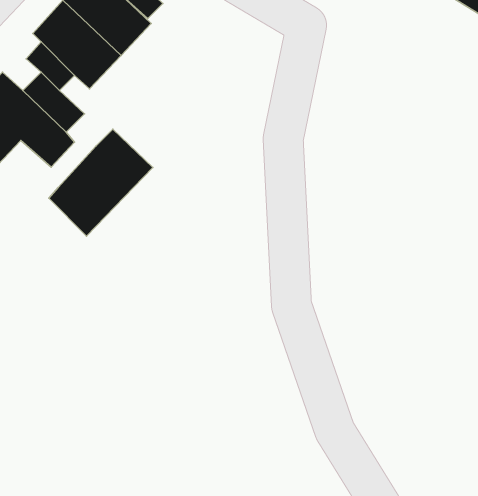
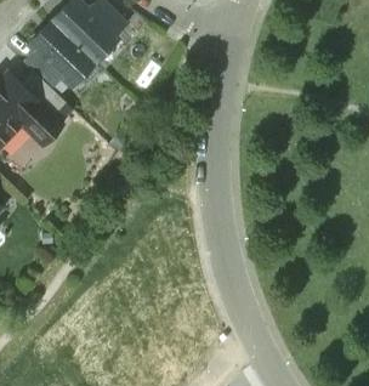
building: [49,129,153,236] -> none

